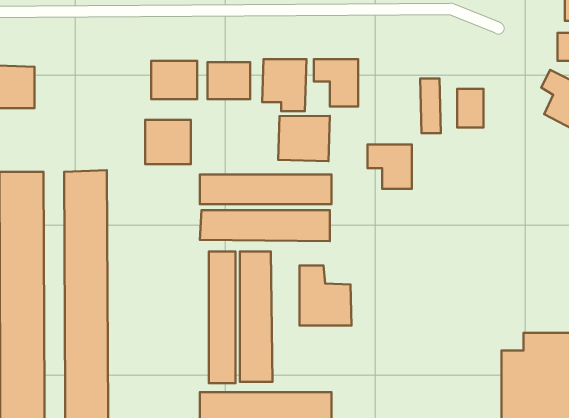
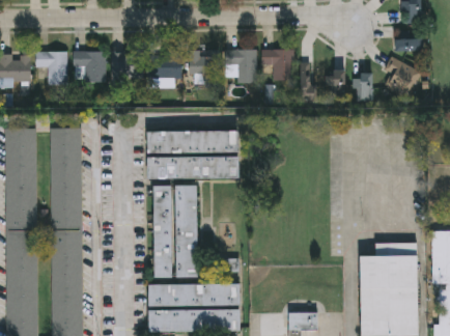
building: none -> [36,51,66,84]
building: none -> [354,74,374,100]
building: [278,116,330,161] -> none
building: [145,120,191,164] -> [74,51,106,82]
building: [368,144,412,189] -> [263,49,294,80]
building: [300,266,351,326] -> none

